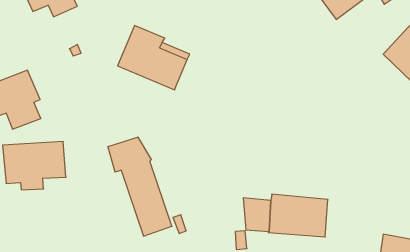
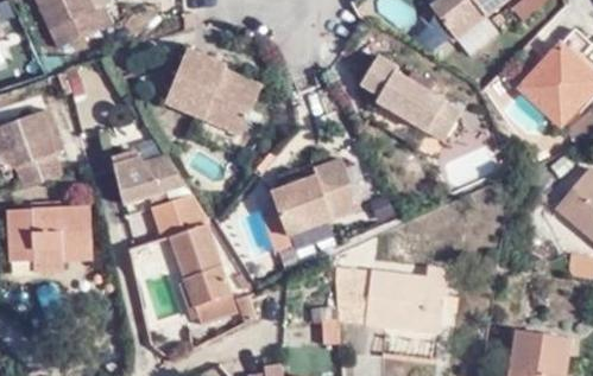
building: none -> [361,57,459,141]
building: none -> [111,153,185,206]
building: none -> [270,161,359,237]

